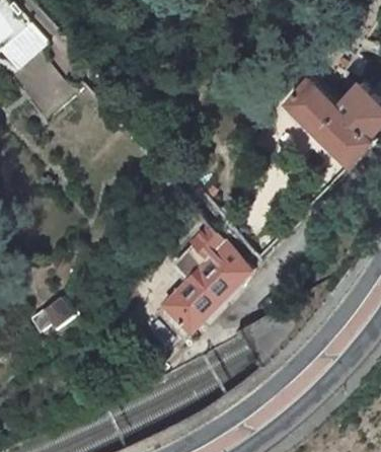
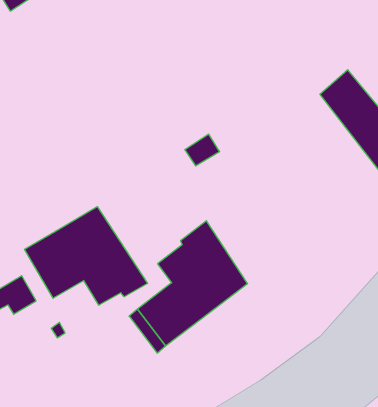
building: none -> [25,207,148,305]

